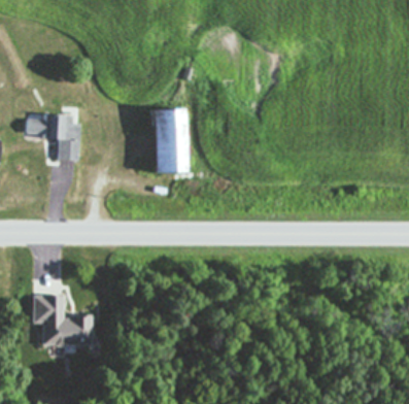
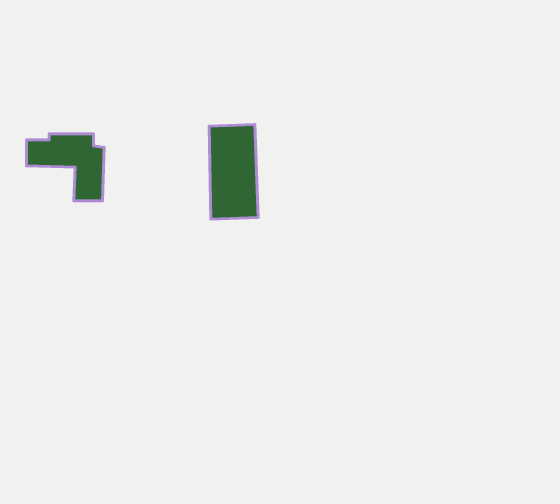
building: [34,295,91,344] -> none

